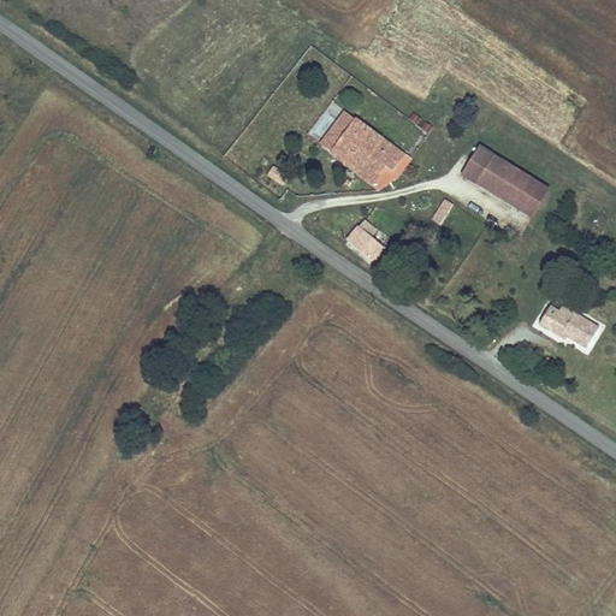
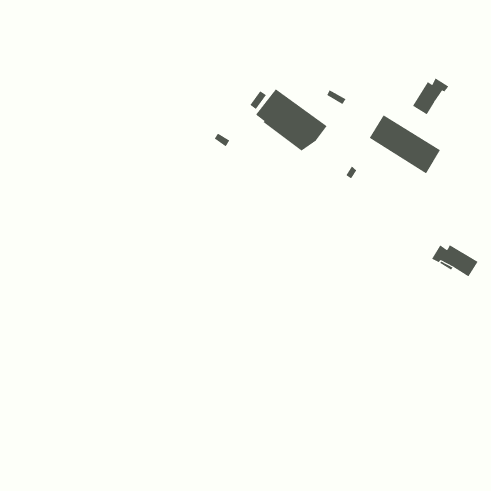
building: none -> [412,78,449,115]
building: [346,220,386,261] -> none

